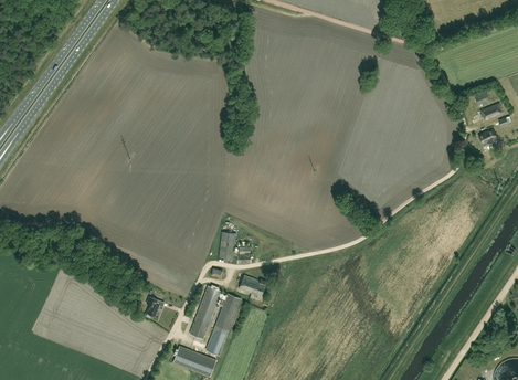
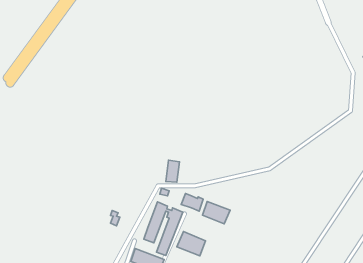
building: none -> [202,202,230,224]
building: none -> [177,231,205,256]

